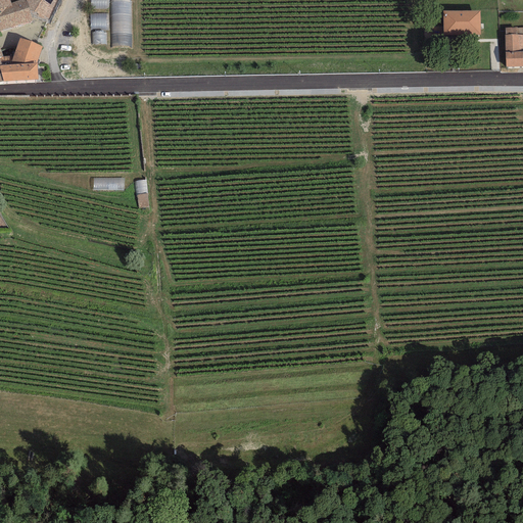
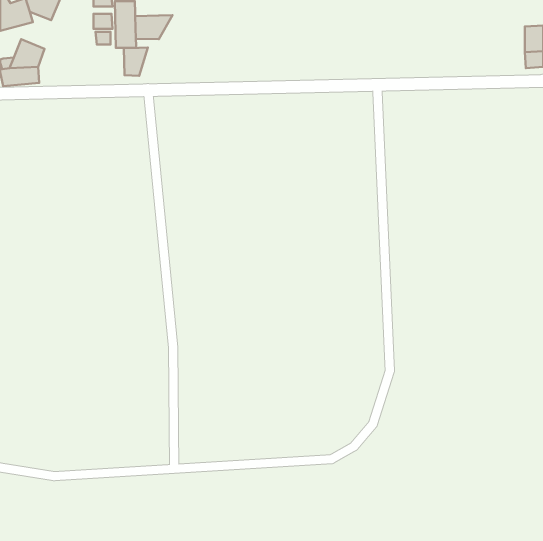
building: [442,8,480,34] -> none
building: none -> [135,15,173,39]
building: none -> [124,48,148,76]

